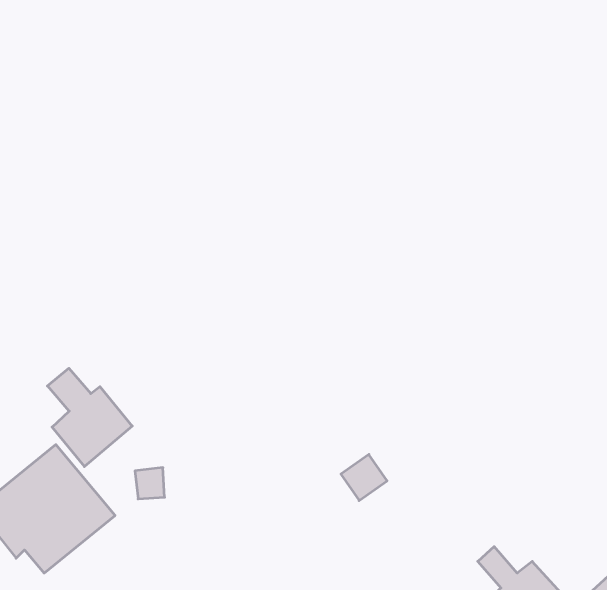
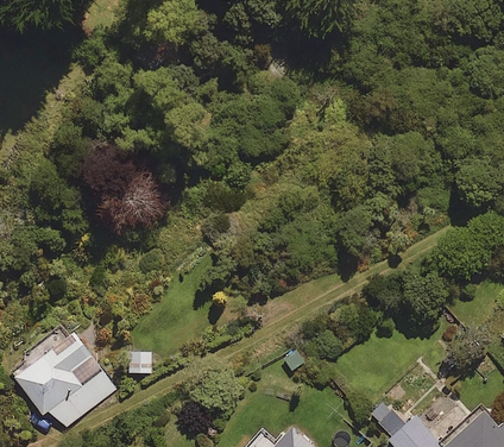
building: [47,368,132,467] -> none

